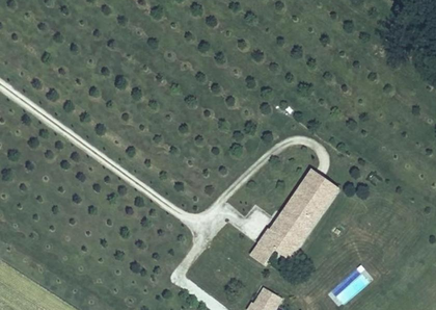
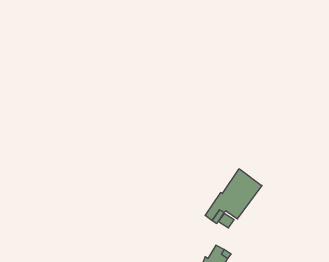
building: [290,170,336,219] -> none

